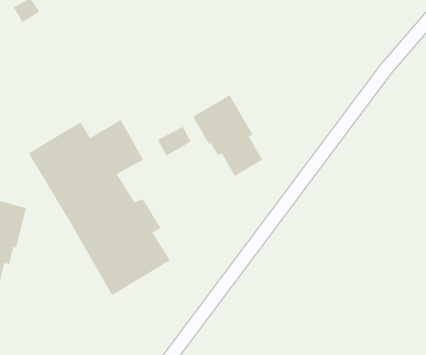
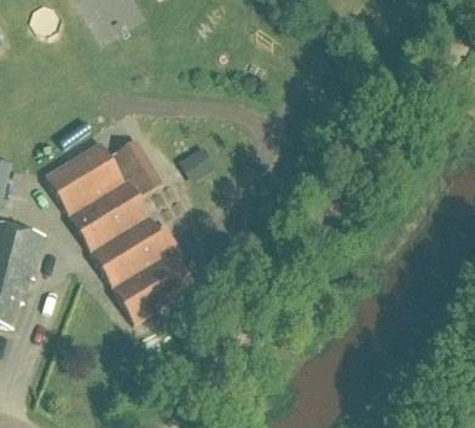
building: [192,94,263,177] -> none

